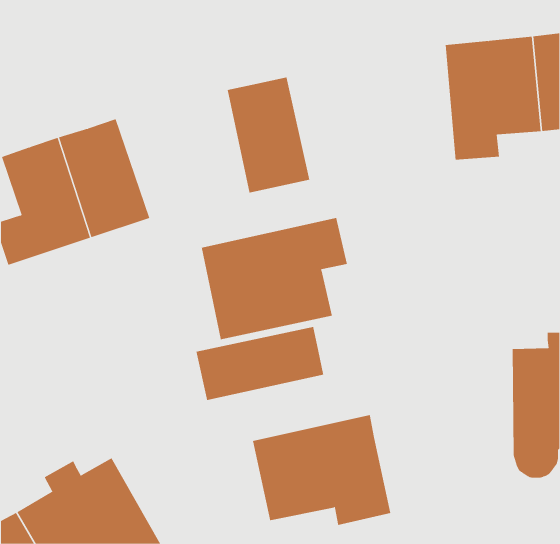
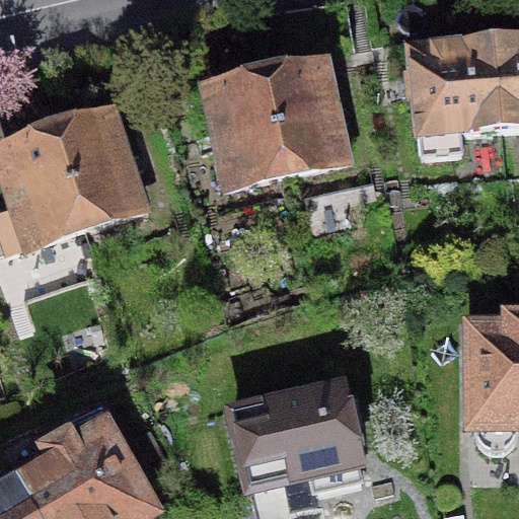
building: none -> [266,59,342,166]
building: [201,217,347,340] -> none
building: [196,326,324,401] -> none

